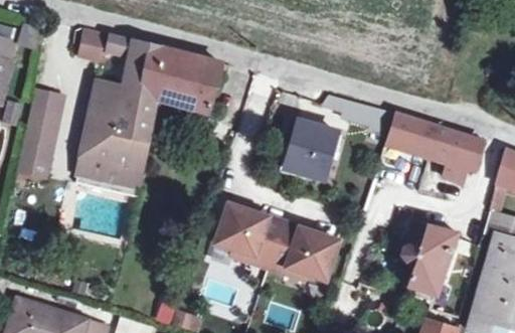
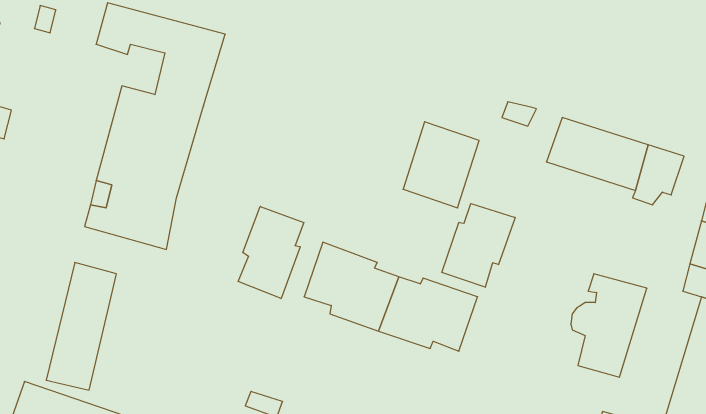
building: [149,54,210,117] -> none
building: [12,97,61,186] -> [46,262,116,390]
building: none -> [442,204,515,287]
building: none -> [238,206,304,299]

